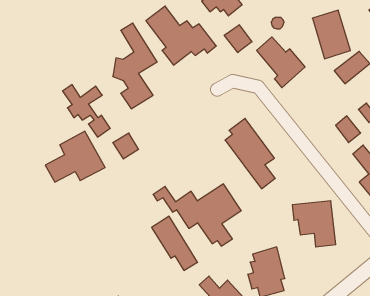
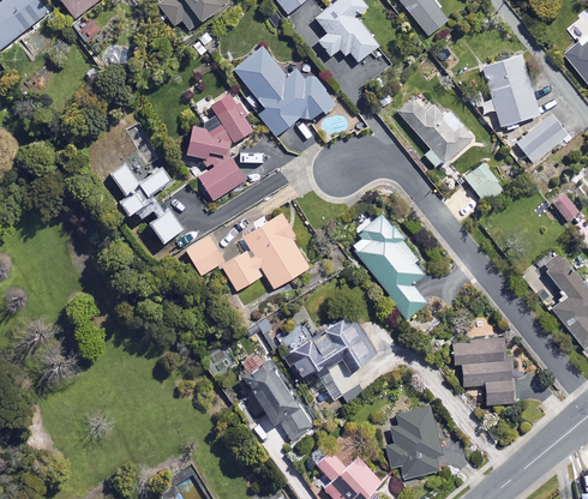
building: [224,25,252,53] -> none
building: [336,116,361,143] -> [466,164,503,204]
building: [45,131,105,182] -> [222,215,311,290]

